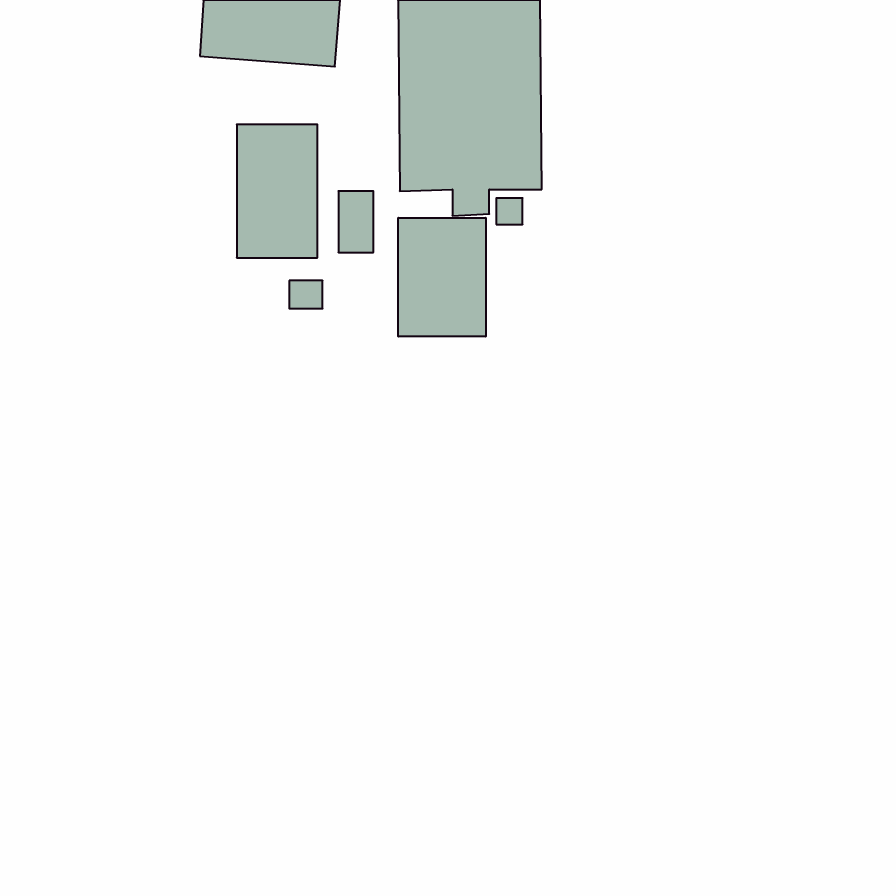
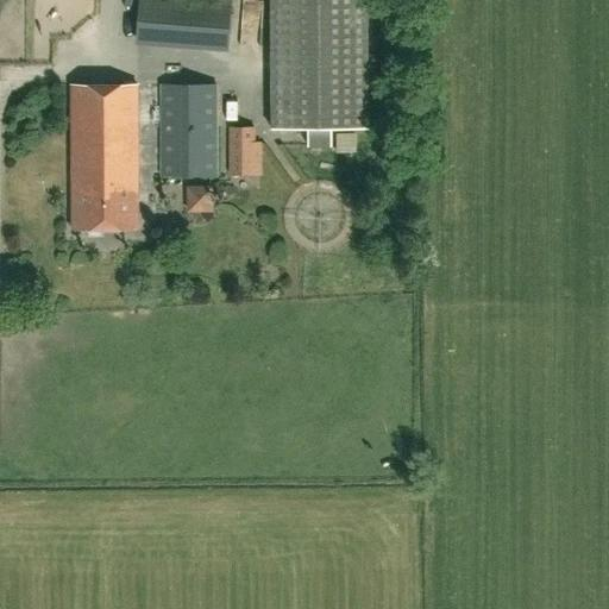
building: none -> [71,84,138,230]
building: [398,218,486,337] -> none

